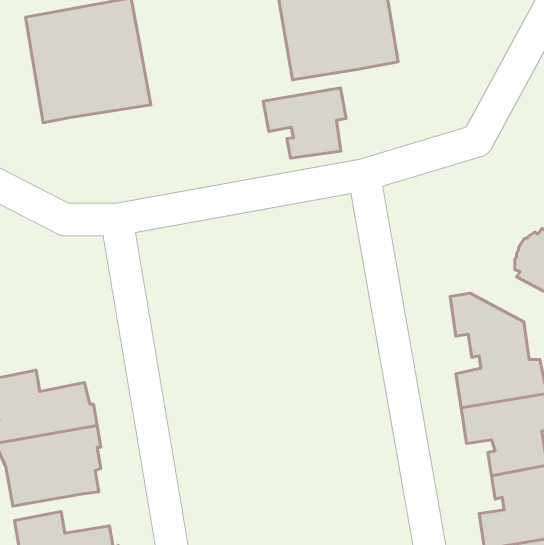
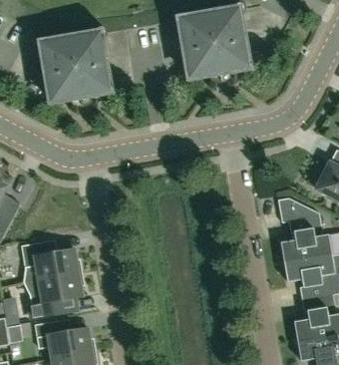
building: [263,88,346,158] -> none

